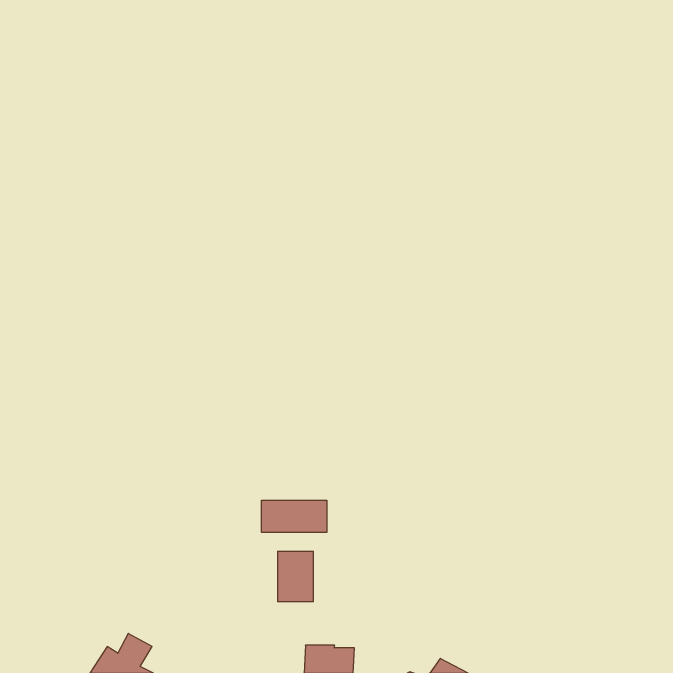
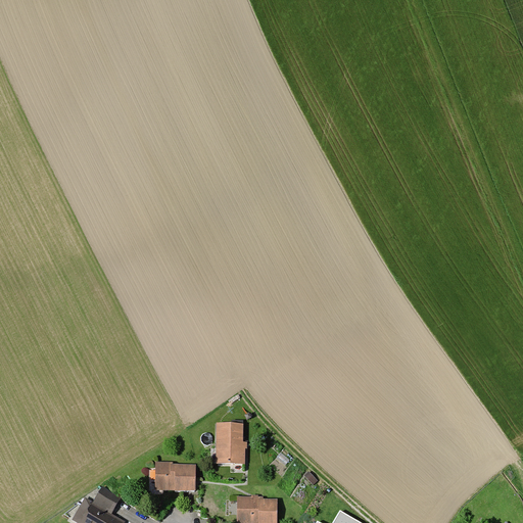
building: [262,500,327,532] -> none
building: none -> [155,464,194,491]

